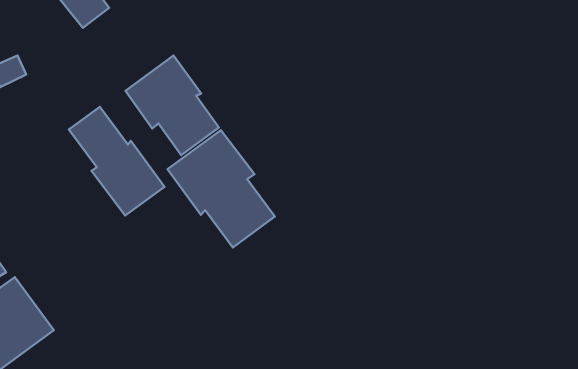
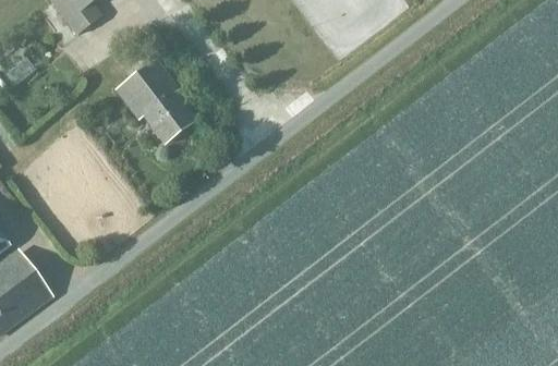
building: [69,107,165,215] -> none
building: [167,130,275,247] -> none

